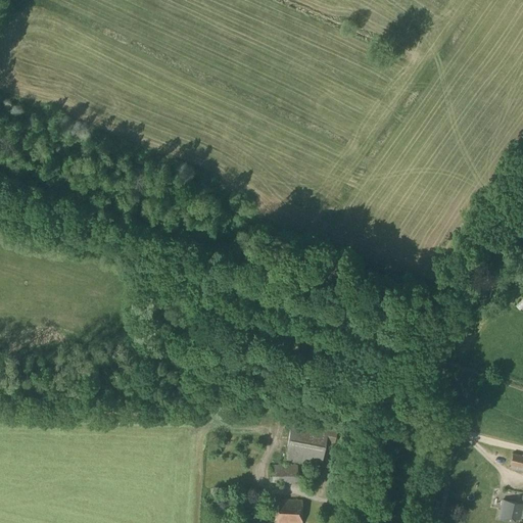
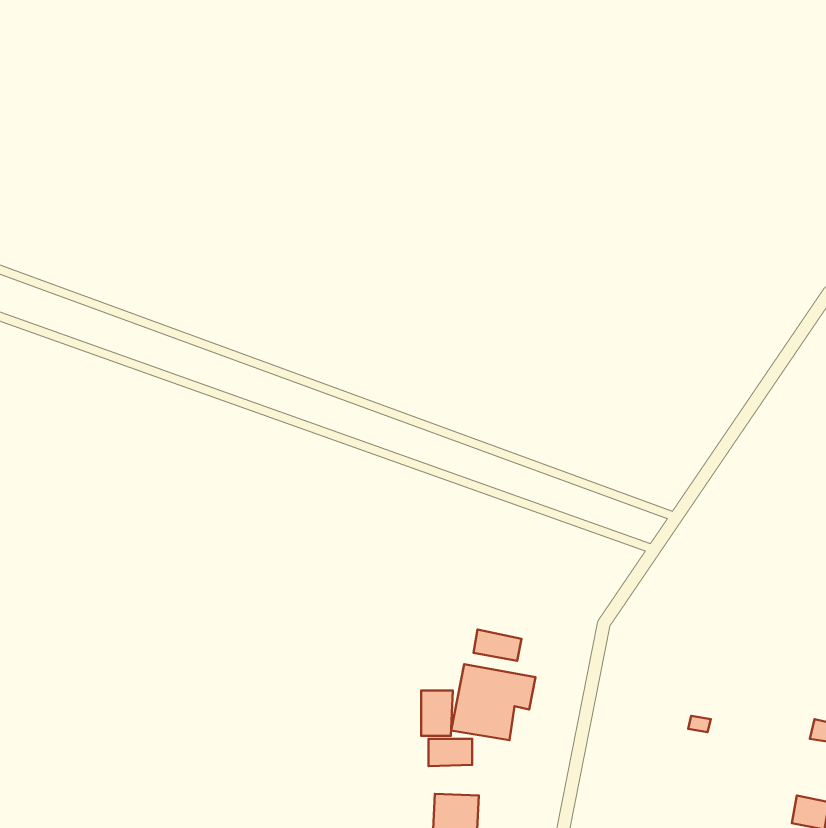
building: none -> [473,629,521,661]
building: none -> [421,691,453,736]

